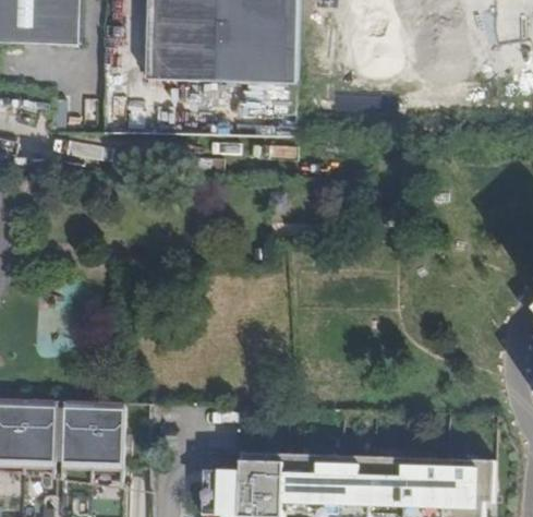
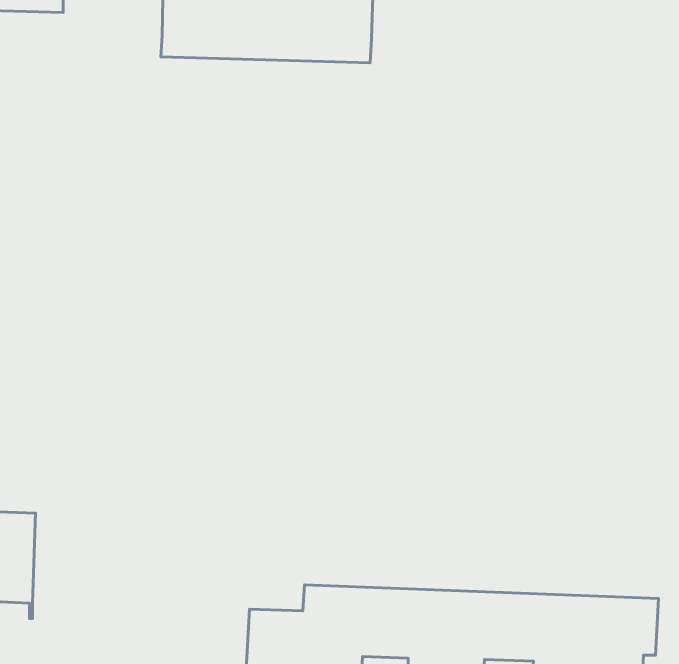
building: [60,401,122,485] -> none

